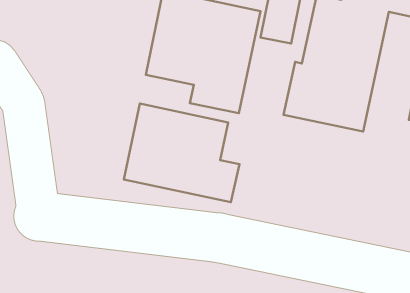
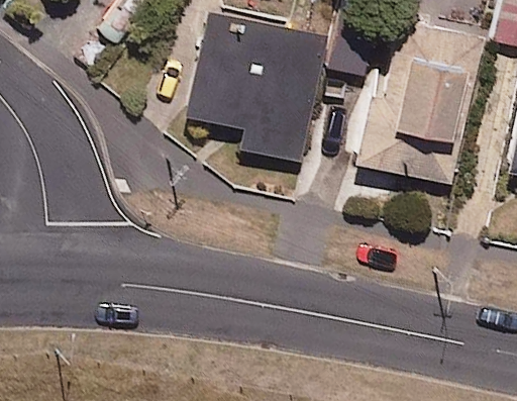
building: [124,104,239,202] -> none

